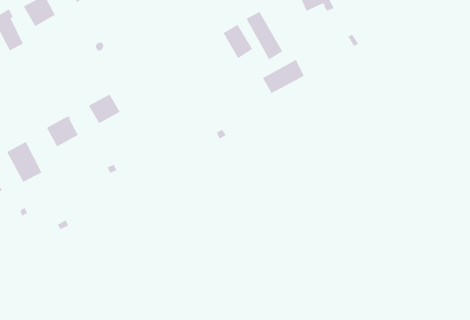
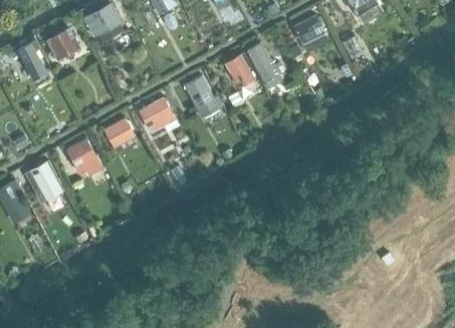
building: none -> [184,77,223,118]
building: [262,59,305,94] -> none
building: none -> [140,98,179,131]

